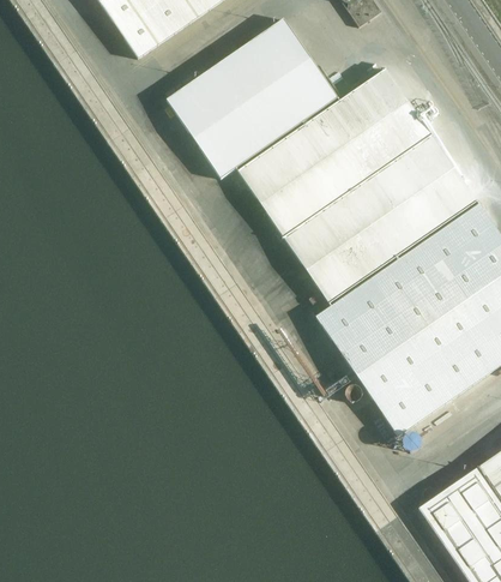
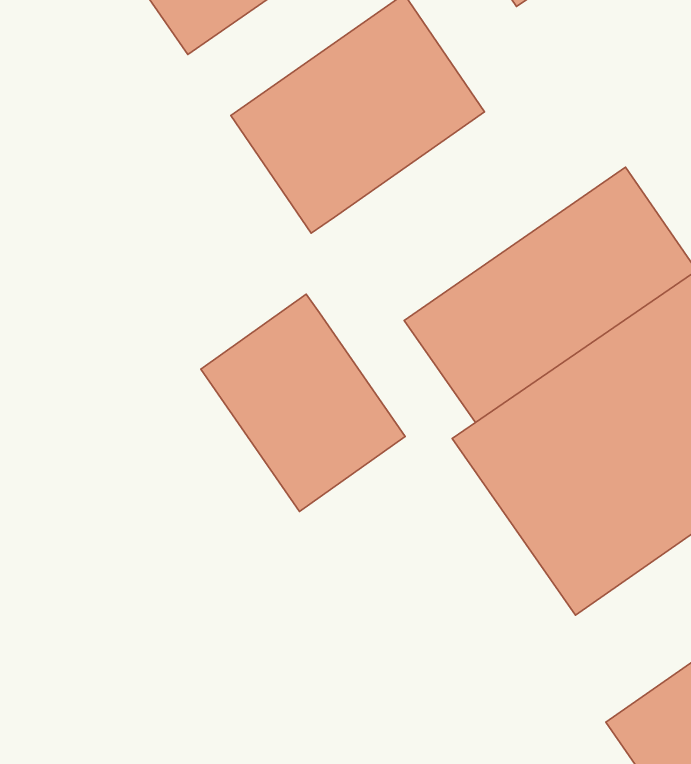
building: [237,66,433,238] -> none
building: none -> [201,294,405,511]

